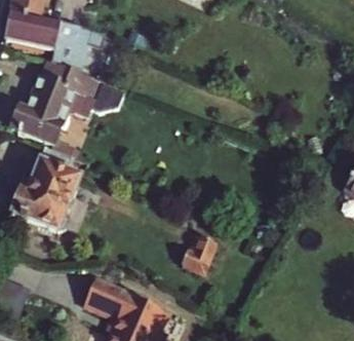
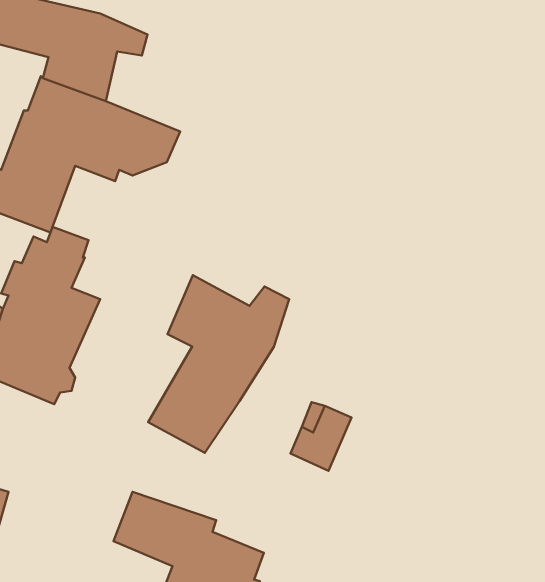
building: none -> [148,275,289,453]

